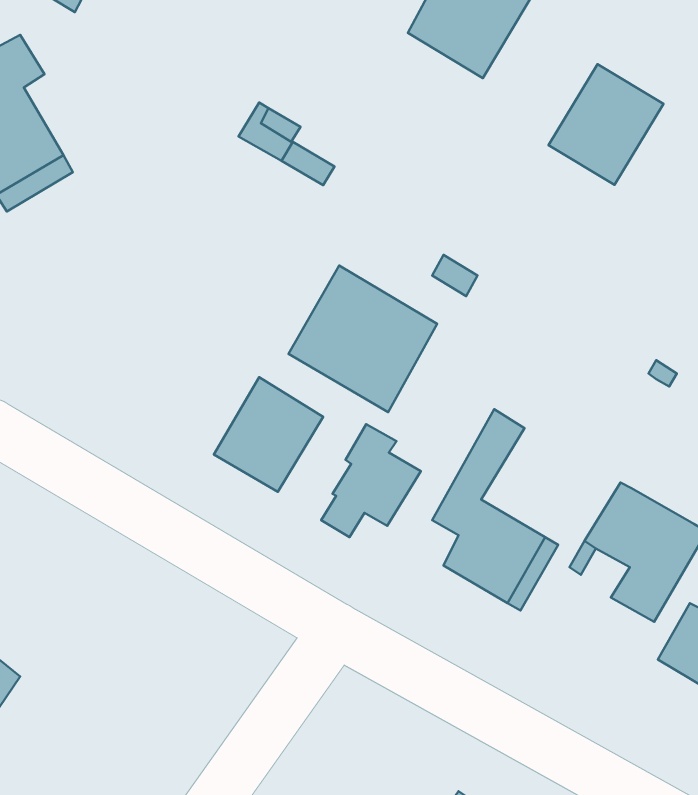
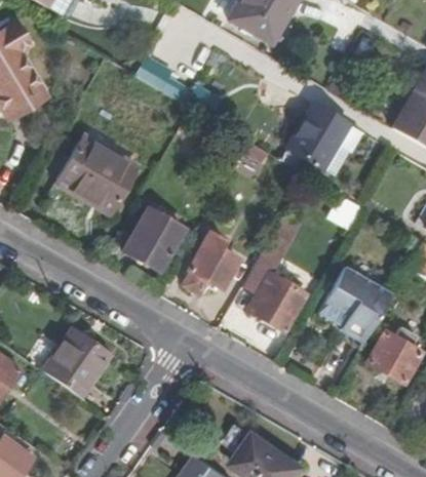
building: [549,64,663,185] -> [287,103,350,168]
building: [288,266,437,412] -> [56,134,138,214]
building: none -> [42,328,109,397]

